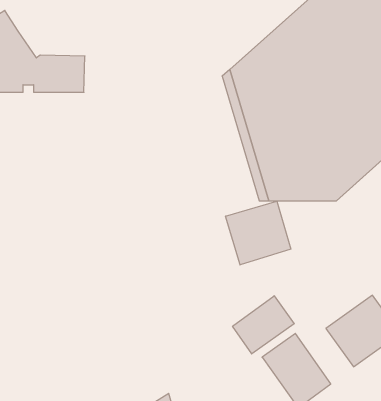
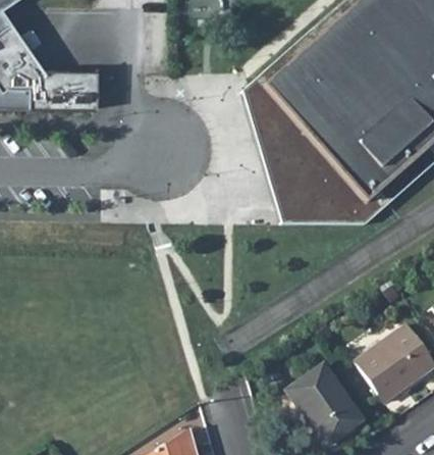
building: [226,201,291,265] -> none
building: [233,296,294,354] -> none

